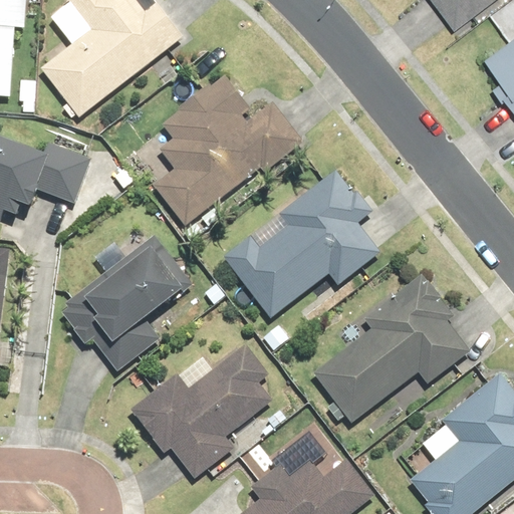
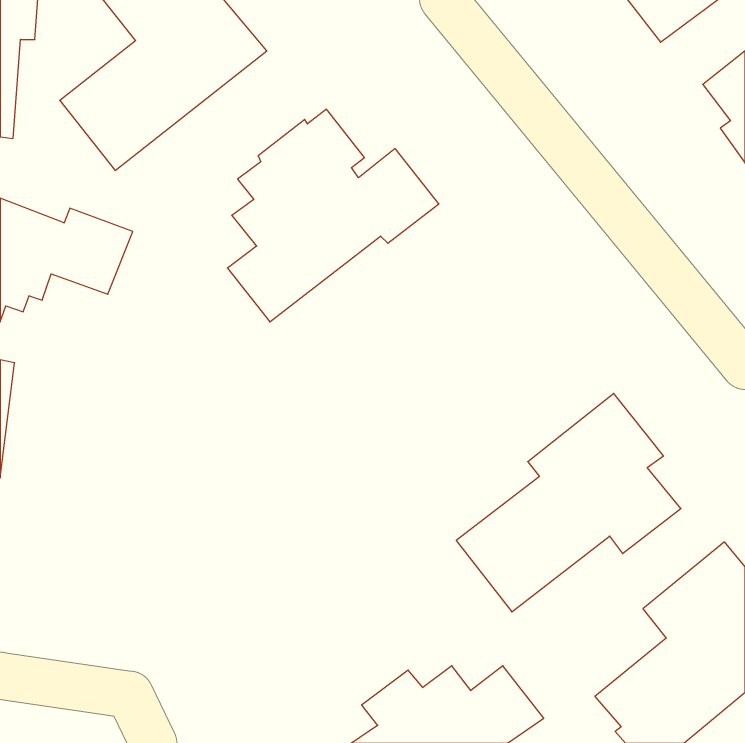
building: [224,171,380,317] -> none
building: [60,232,193,369] -> none
building: [130,344,272,479] -> none

